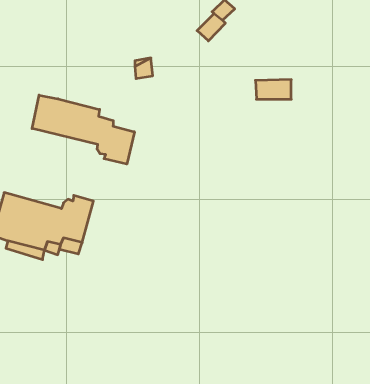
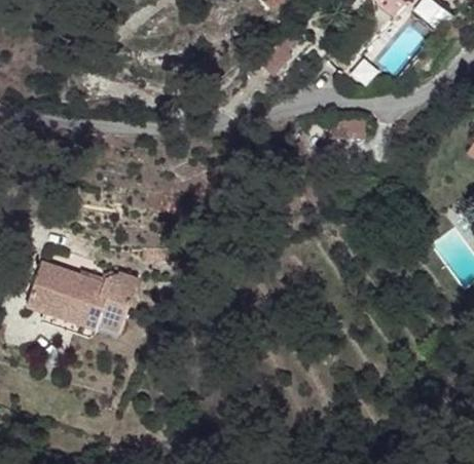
building: [32,95,134,164] -> none

